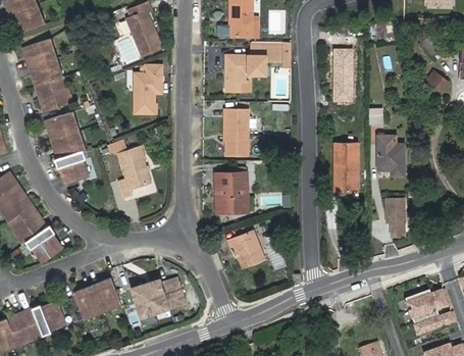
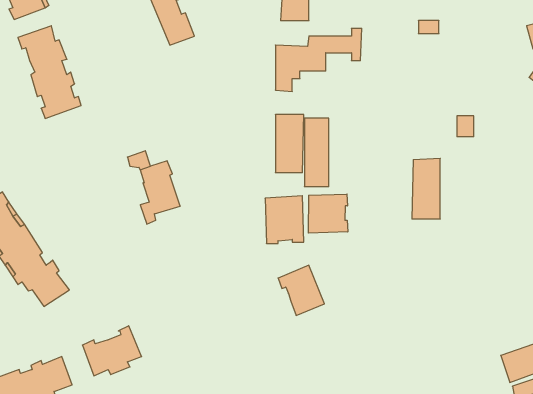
building: [333,48,353,102] -> [304,118,329,187]
building: [135,63,162,111] -> none
building: [45,111,88,184] -> none
building: [376,146,403,176] -> none
building: none -> [309,194,348,233]
building: [388,196,408,237] -> none
building: [131,277,184,315] -> none

